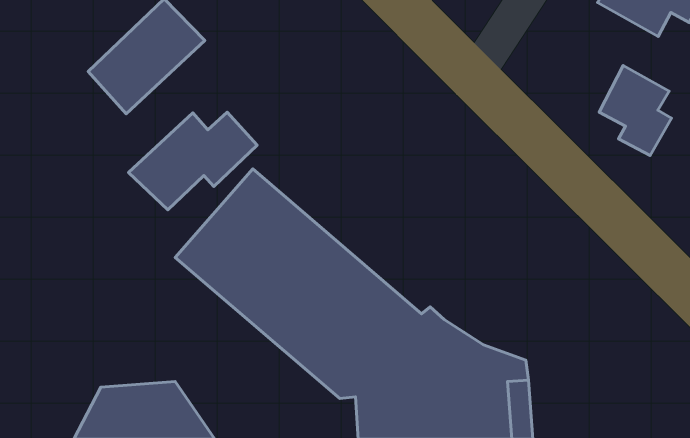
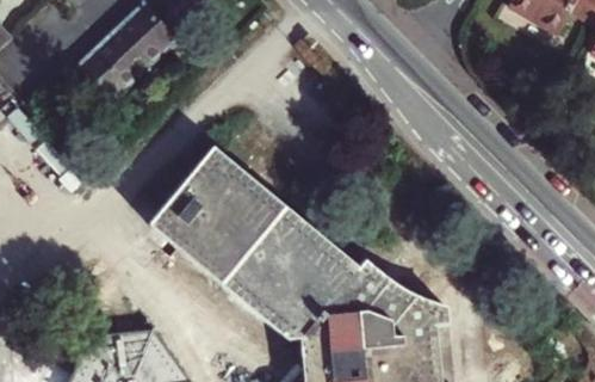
building: [599,65,672,156] -> none
building: [129,112,257,210] -> none

